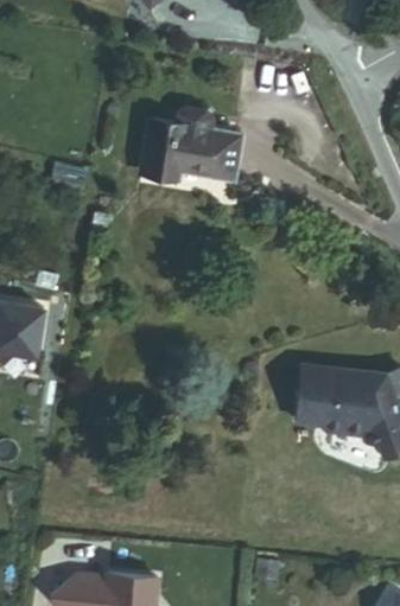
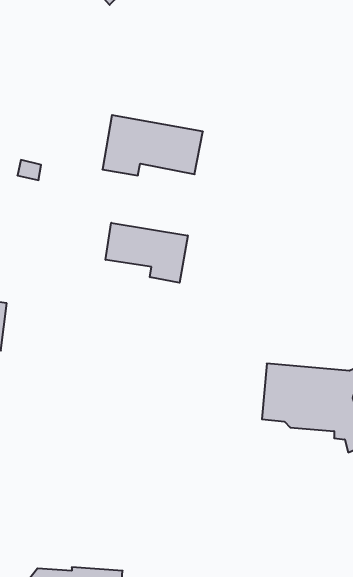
building: none -> [106,223,188,283]

